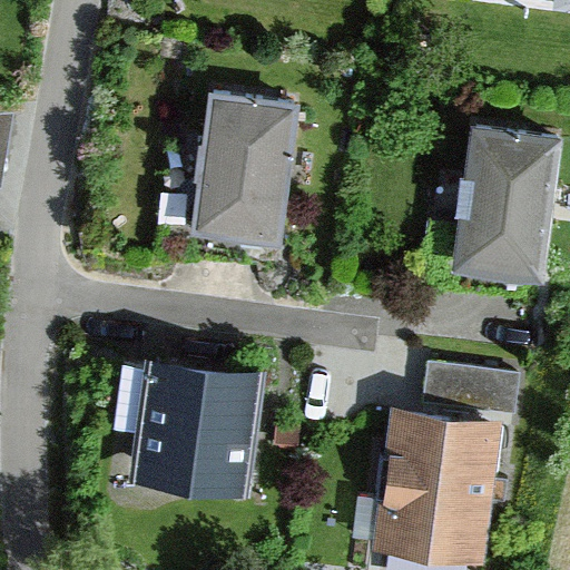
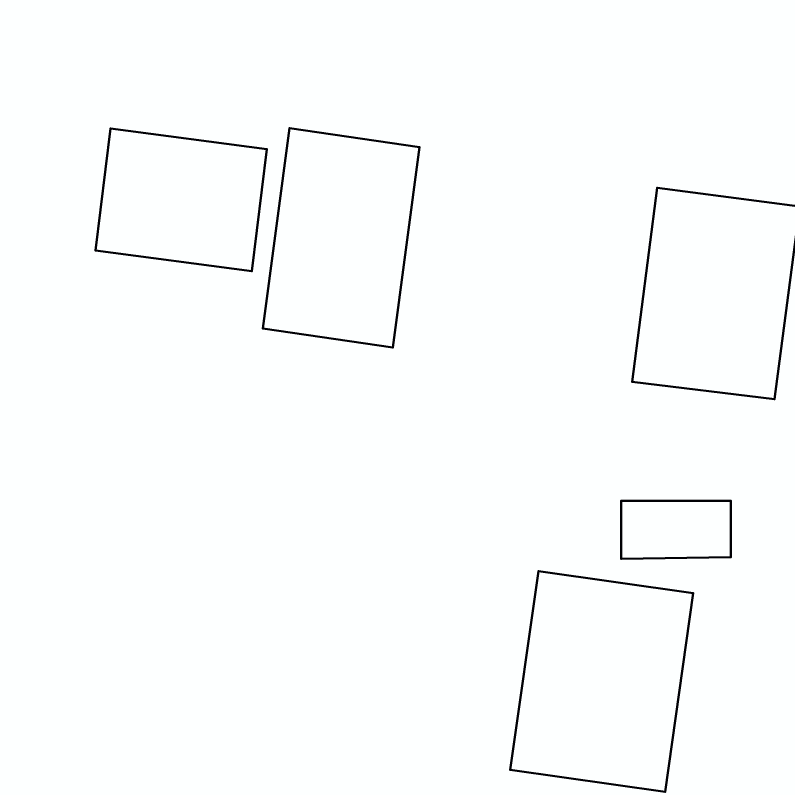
building: none -> [95,128,267,271]
building: [122,360,262,497] -> none

